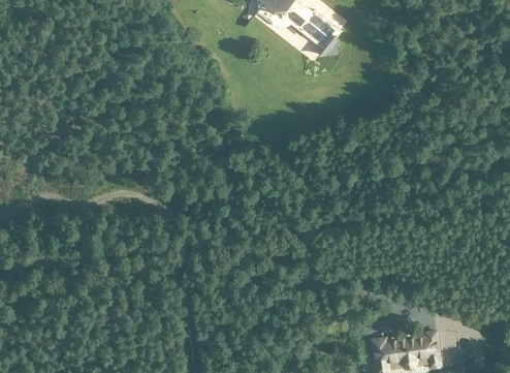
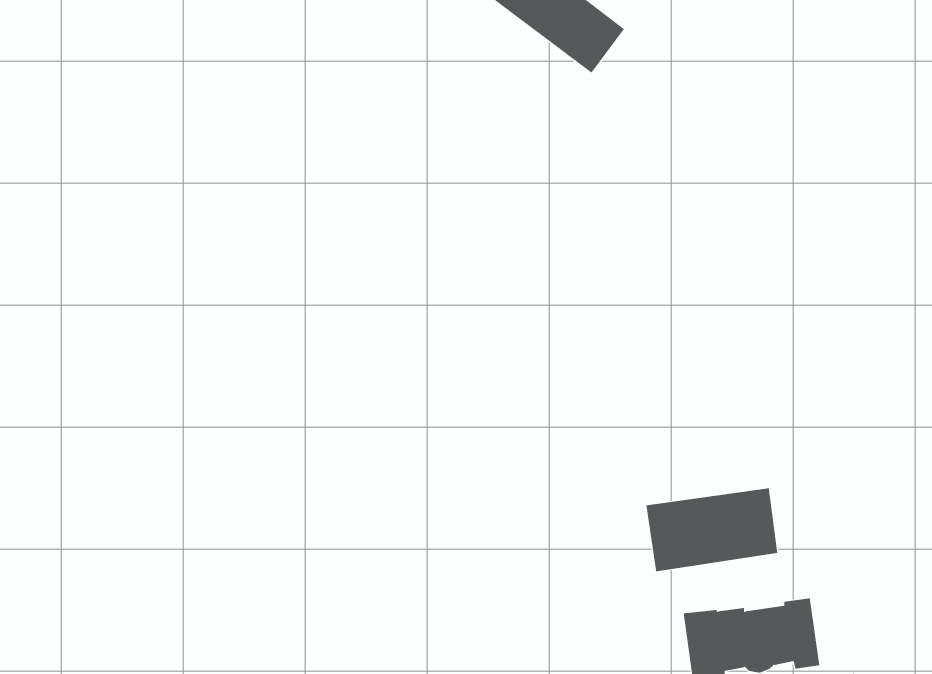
building: none -> [646,488,778,572]

